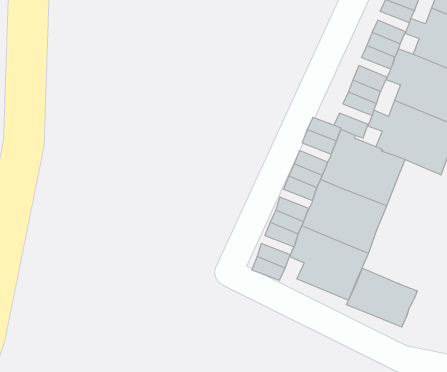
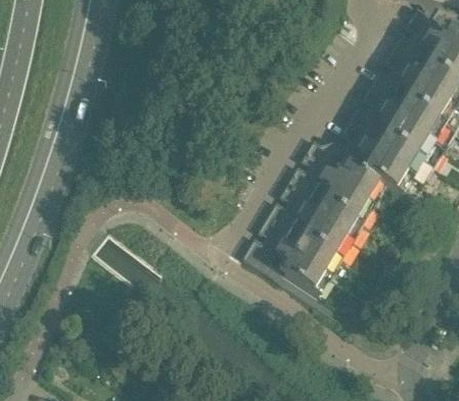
building: [346,268,417,327] -> none

